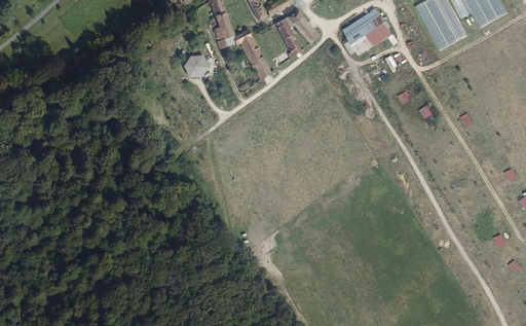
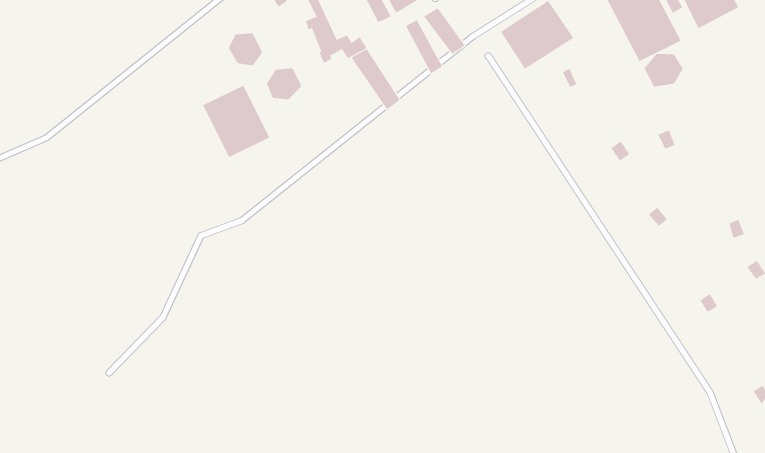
building: none -> [228,33,263,66]
building: none -> [644,53,683,88]
building: none -> [202,85,270,158]

